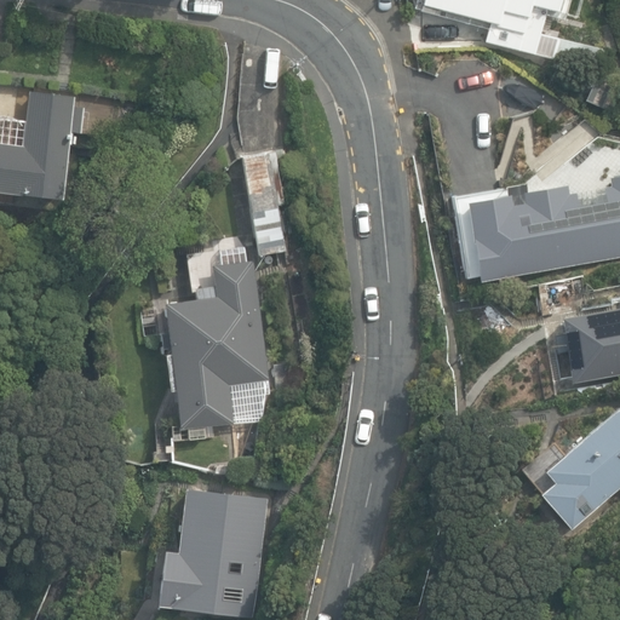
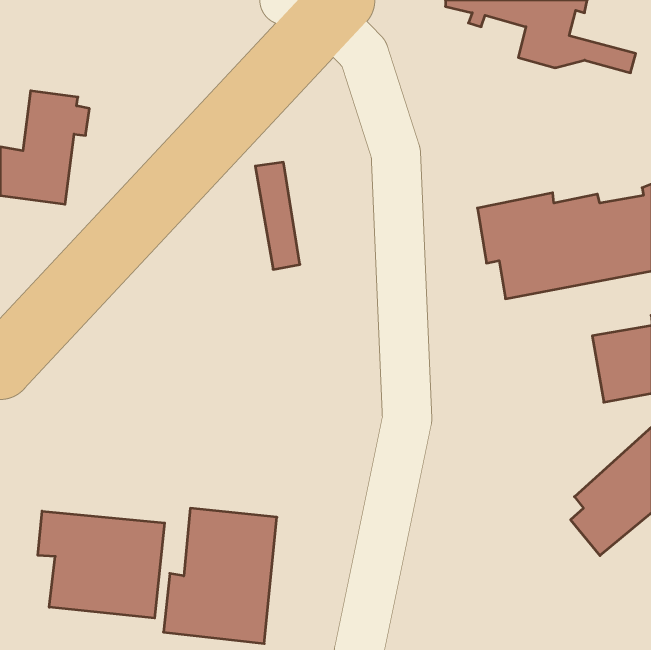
building: [165,248,270,434] -> none
building: none -> [38,511,165,618]

